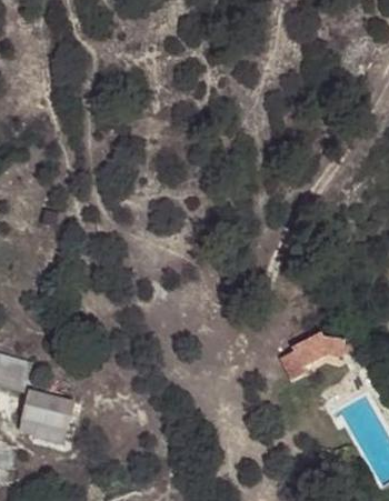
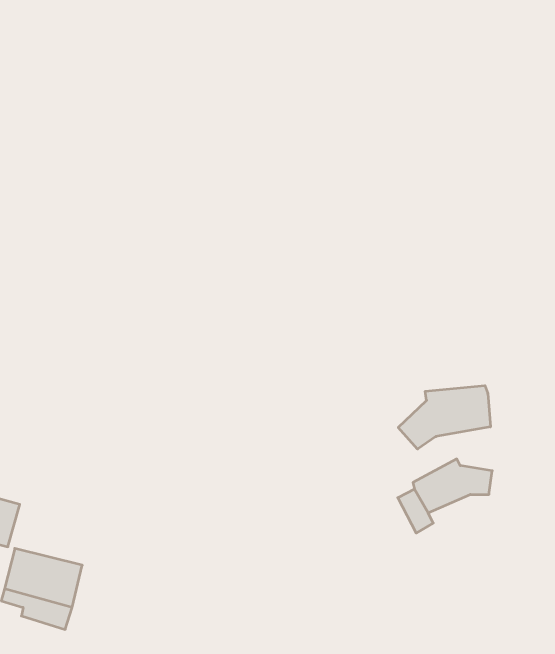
building: none -> [398,386,490,449]

